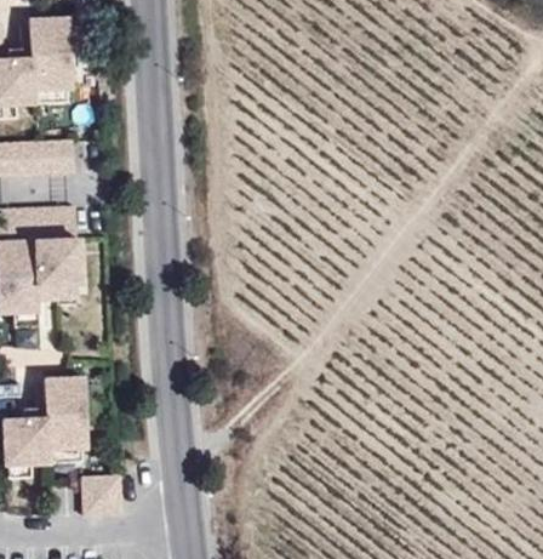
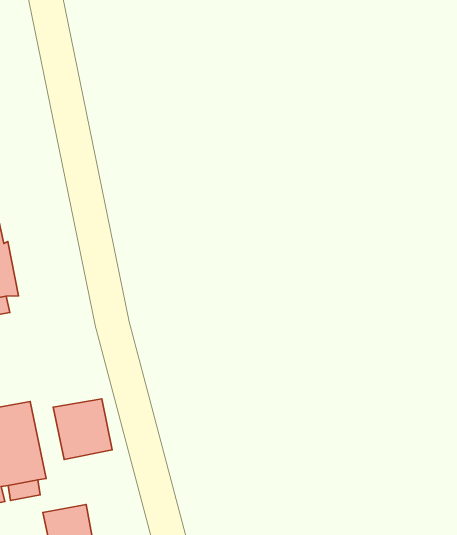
building: none -> [53,399,112,460]

